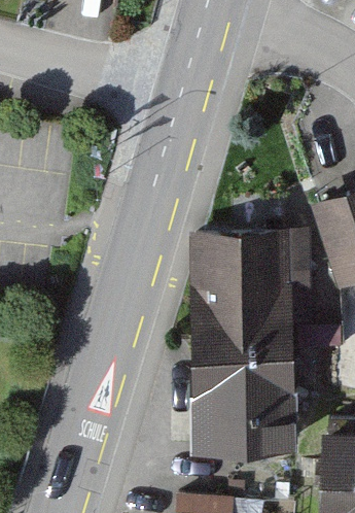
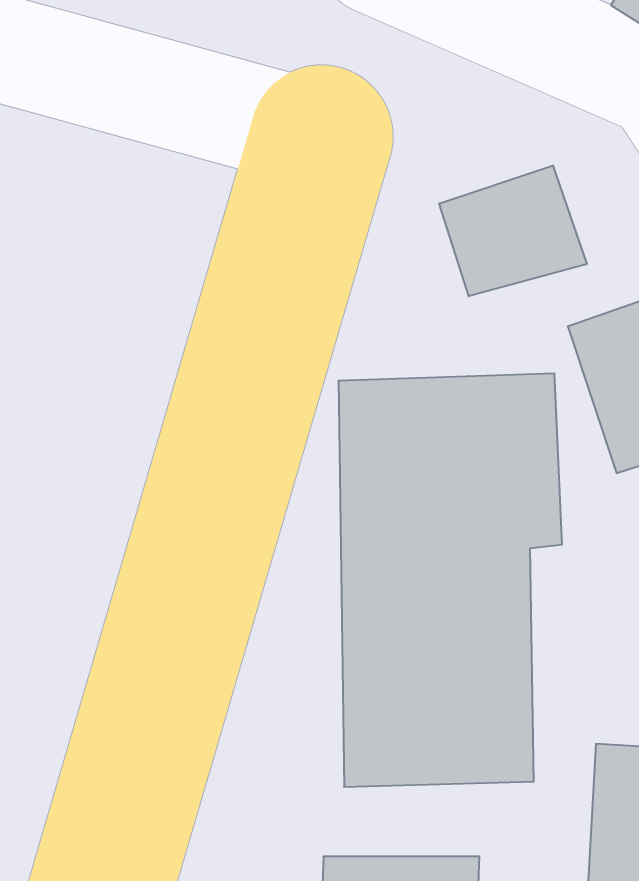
building: none -> [439,165,587,296]

